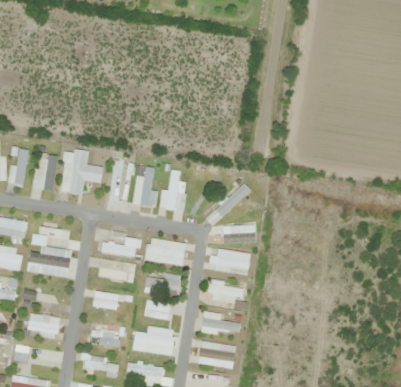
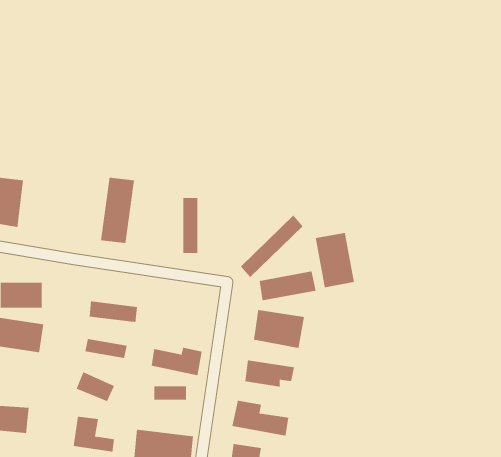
building: [61,150,102,193] -> none
building: [133,166,155,206] -> none
building: none -> [315,232,355,288]
building: [145,238,185,265] -> none

